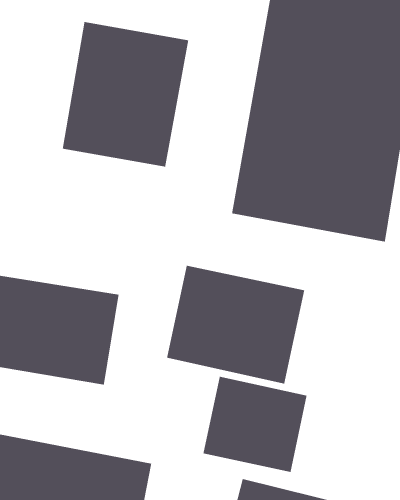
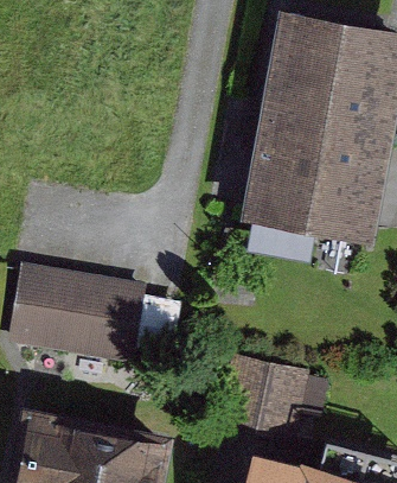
building: [62,21,189,168] -> none
building: [166,265,305,385] -> none

